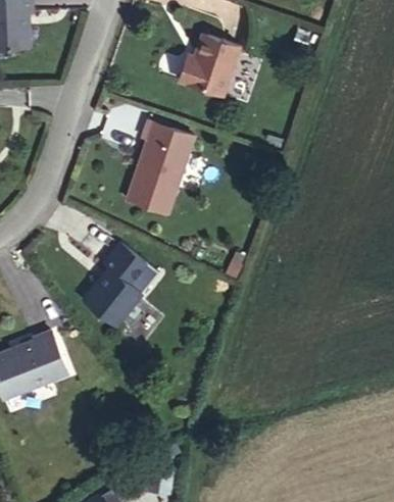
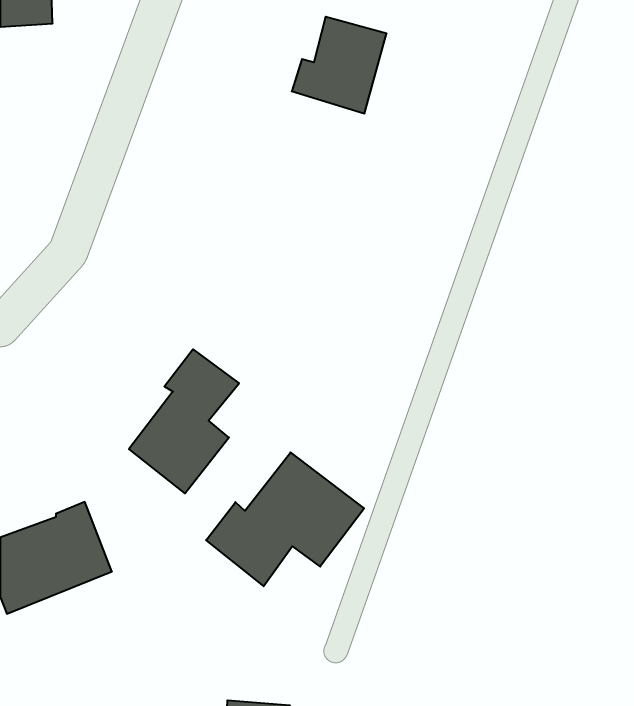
building: [126,121,196,214] -> none
building: none -> [206,452,364,586]

